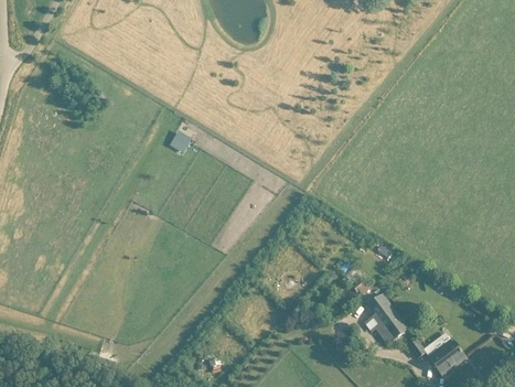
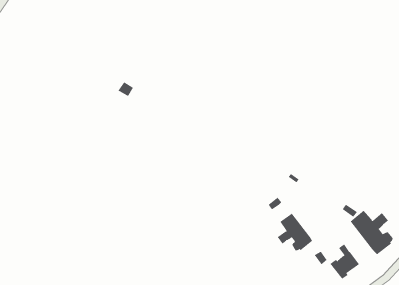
building: none -> [350,210,393,255]

